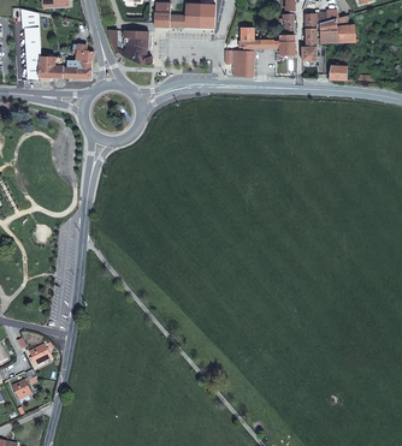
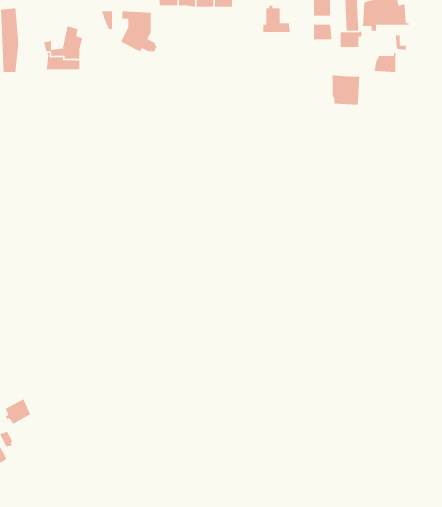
building: [231,49,254,75] -> [332,74,360,106]
building: [39,55,64,81] -> none

